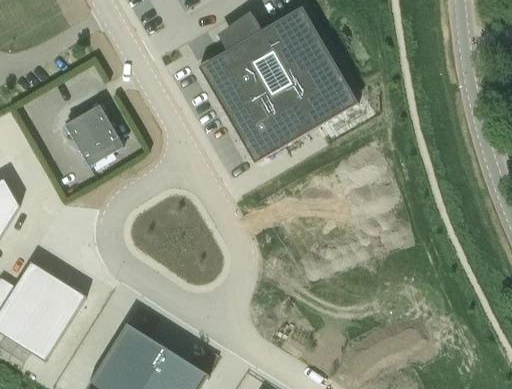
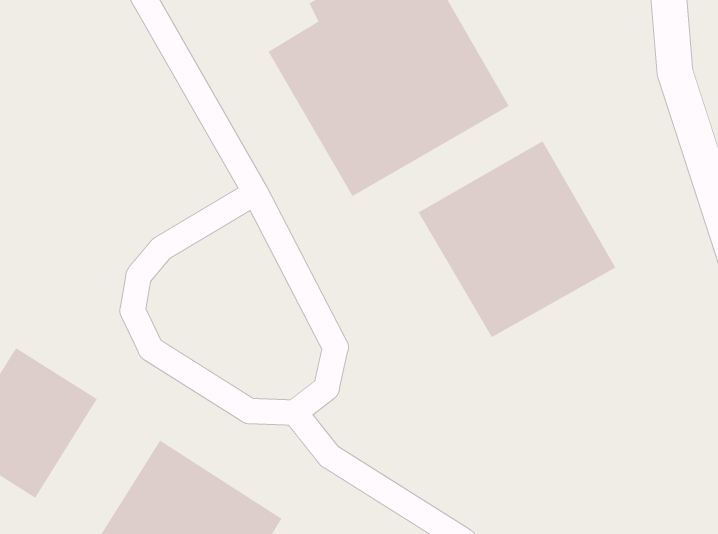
building: [64,103,122,164] -> none
building: none -> [418,140,617,338]

